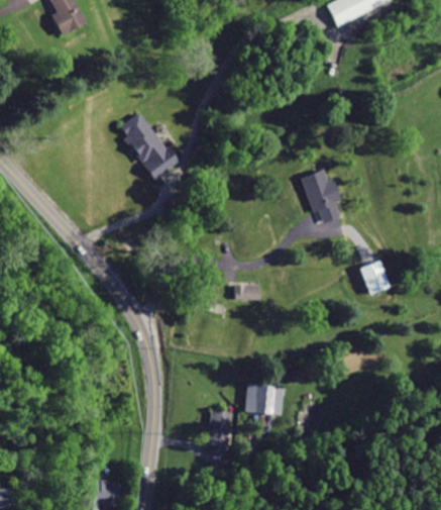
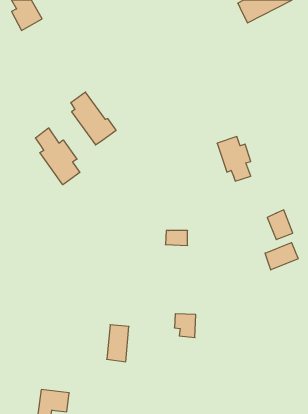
building: none -> [35,128,80,185]
building: none -> [265,243,298,270]
building: [208,410,235,455] -> [107,325,129,362]

